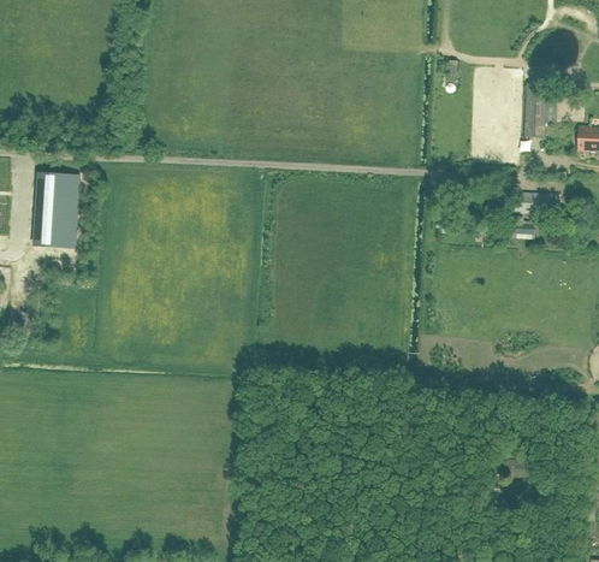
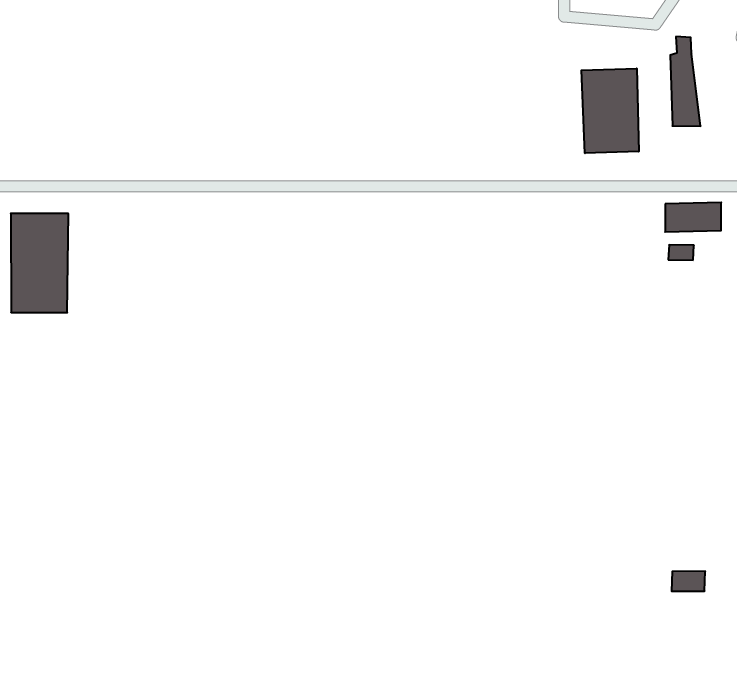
building: none -> [581,68,639,153]

